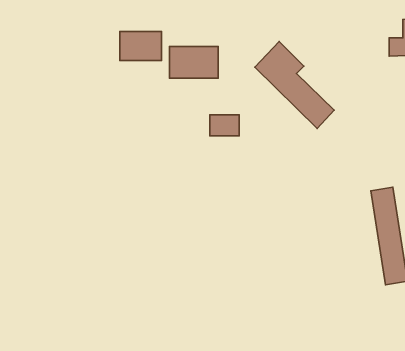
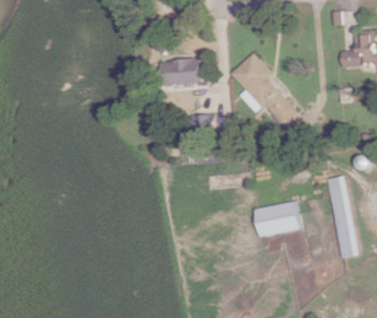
building: [120,31,162,61] -> none
building: none -> [254,202,301,237]

